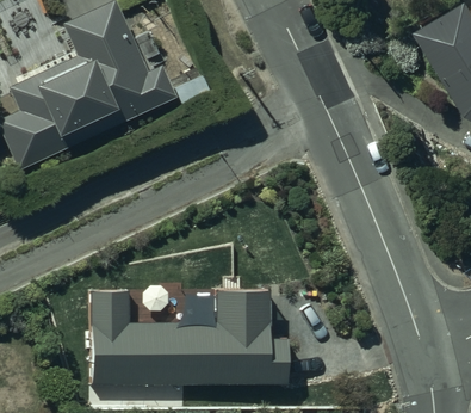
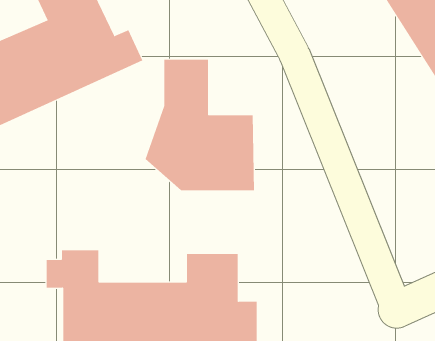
building: none -> [145,59,255,191]

